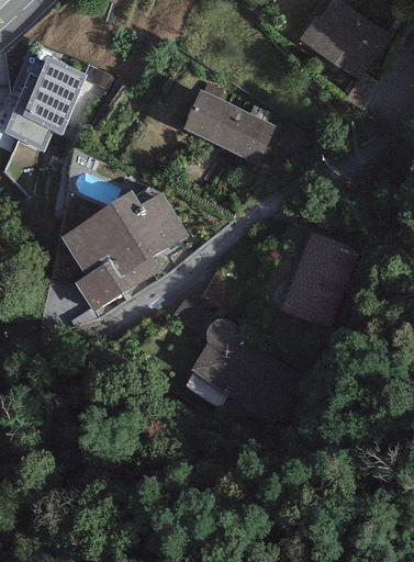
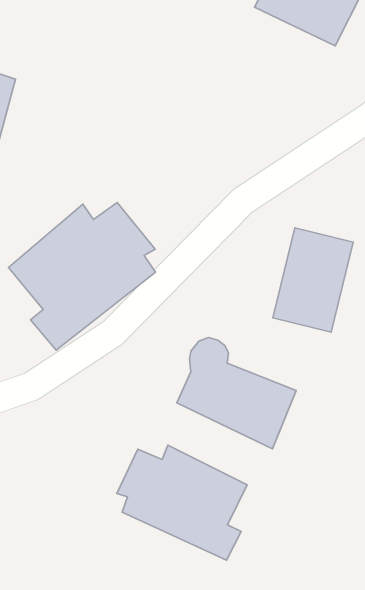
building: [181,89,276,166] -> none
building: none -> [117,445,247,560]

